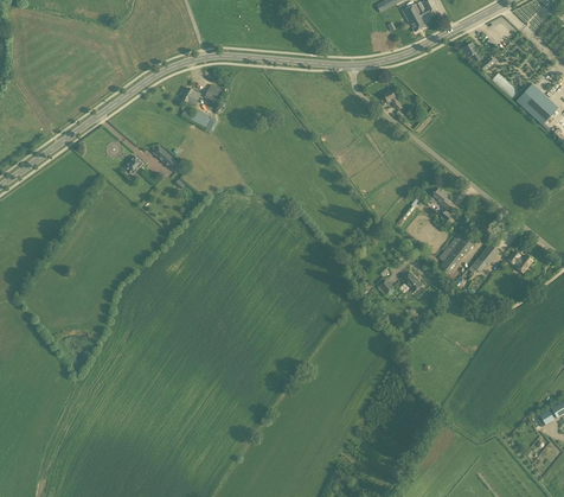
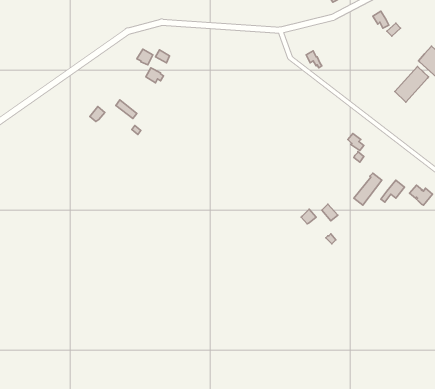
building: none -> [395,67,428,102]

